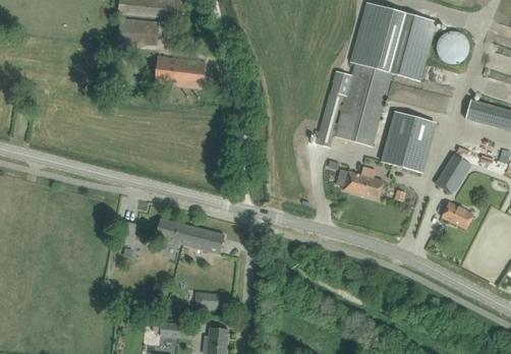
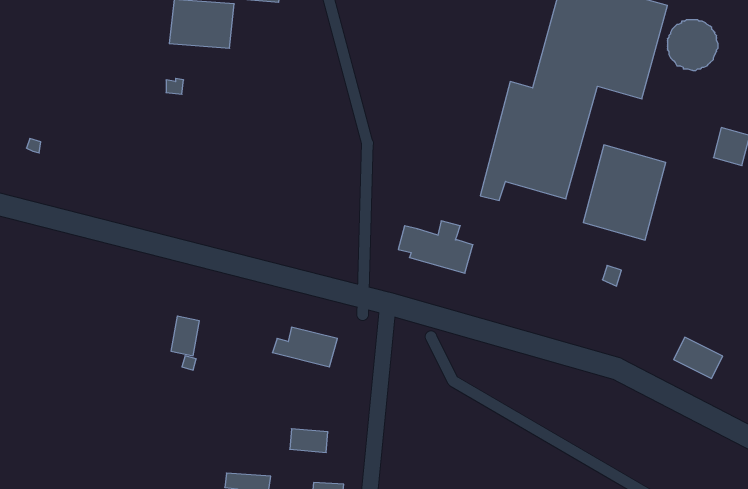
building: [155,56,206,87] -> none
building: [435,153,472,193] -> none
building: [336,165,384,198] -> [398,221,473,273]
building: [442,201,473,228] -> [674,337,723,378]
building: [156,218,195,243] -> none

